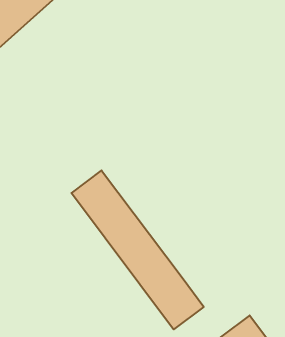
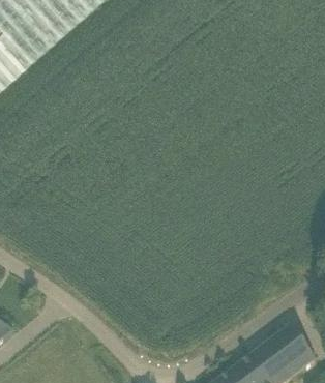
building: [71,170,204,329] -> none

